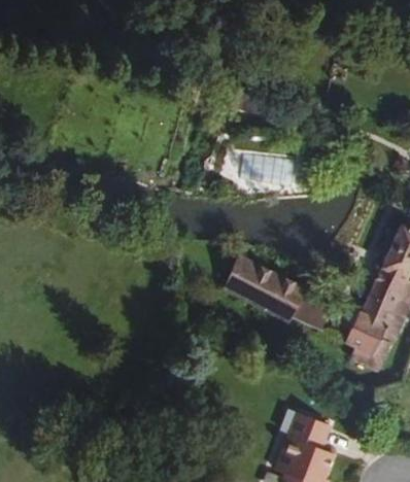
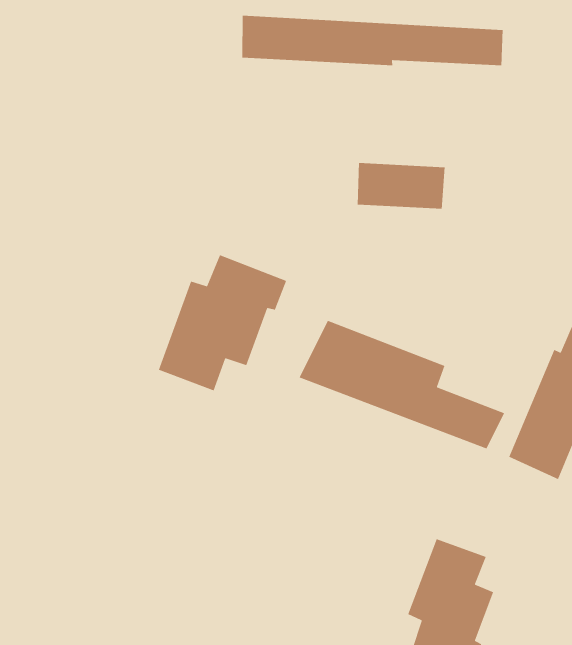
building: none -> [241,15,504,66]
building: none -> [158,254,287,392]

